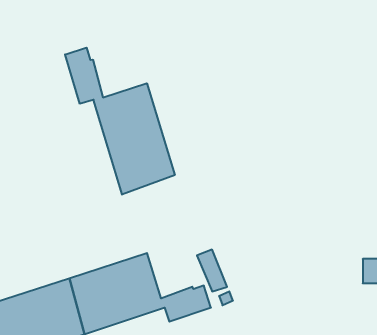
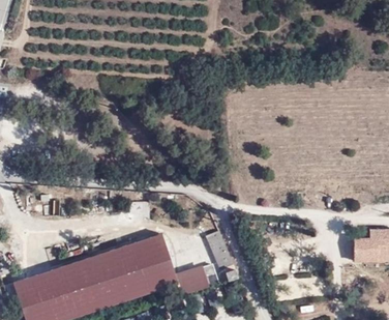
building: [65,48,175,195] -> none

